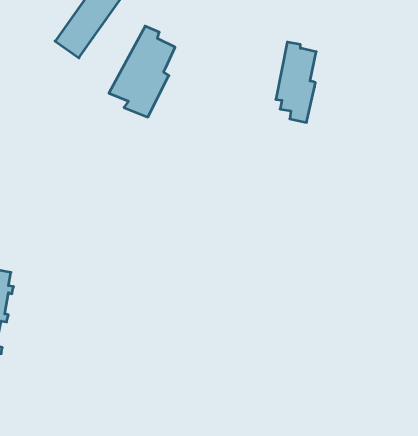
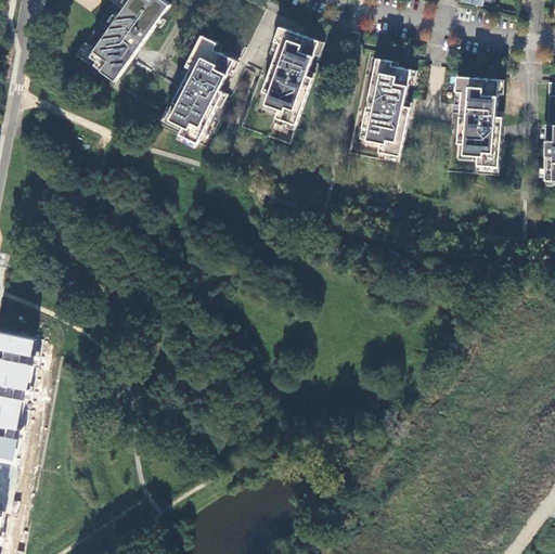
building: none -> [255,27,320,134]
building: none -> [453,74,500,165]

